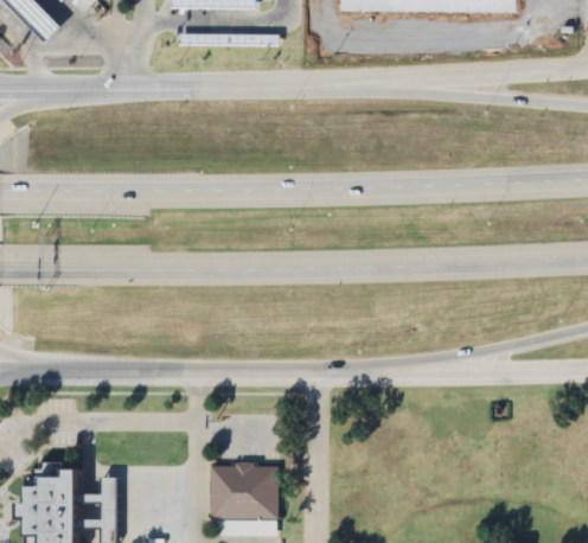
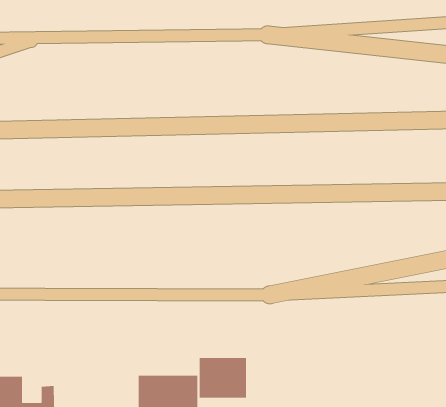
building: none -> [199,357,246,399]

